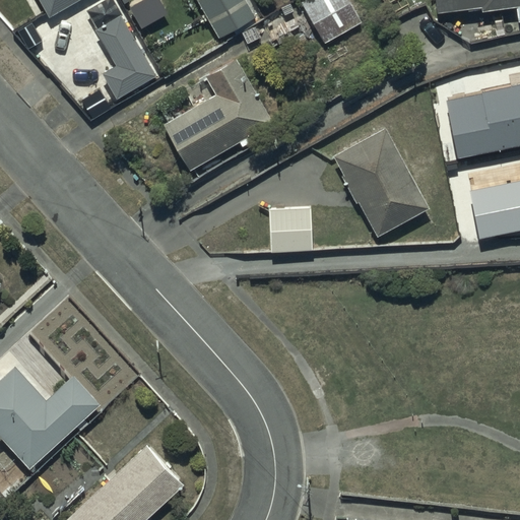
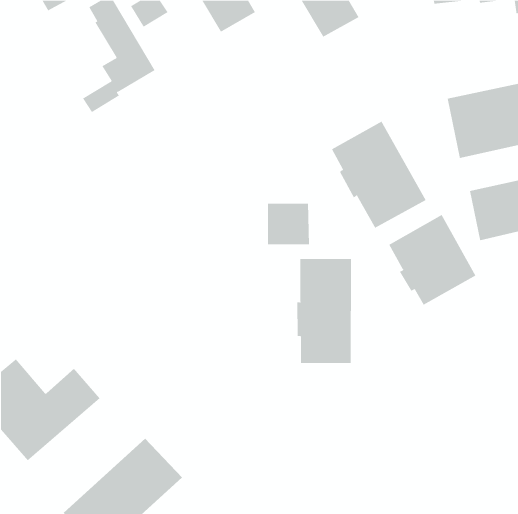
building: [166,57,272,168] -> none
building: none -> [389,214,476,306]
building: none -> [297,258,351,364]

